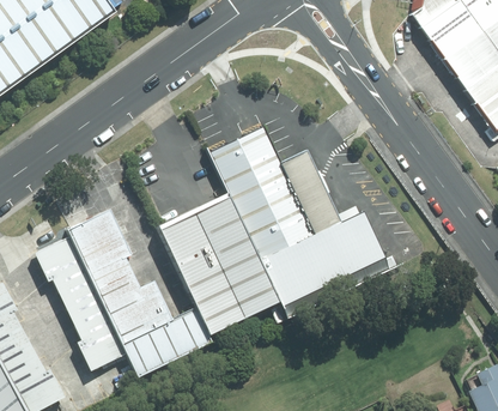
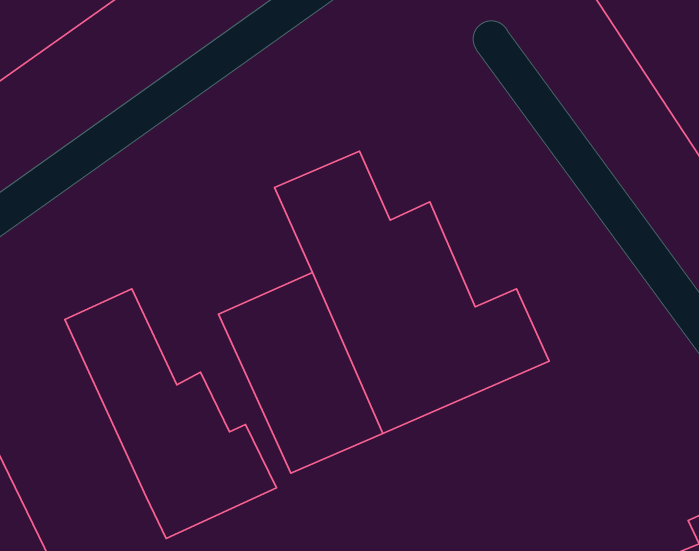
building: [29,237,117,370] -> none

